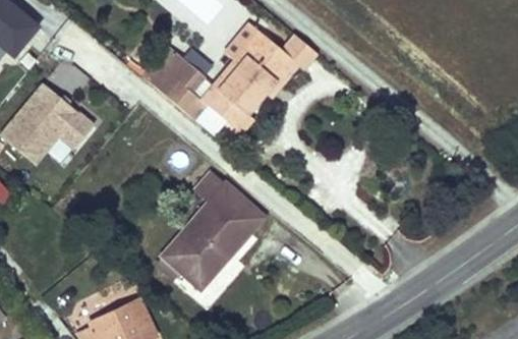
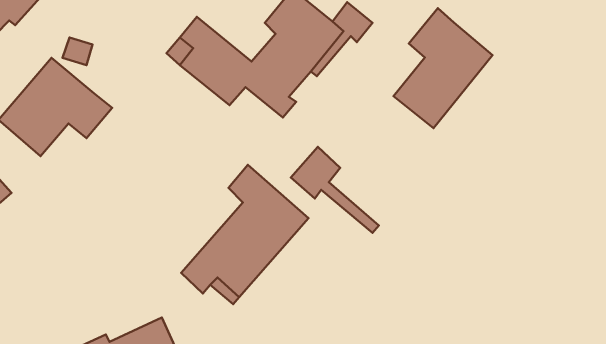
building: none -> [394,8,492,128]
building: none -> [291,147,379,233]

